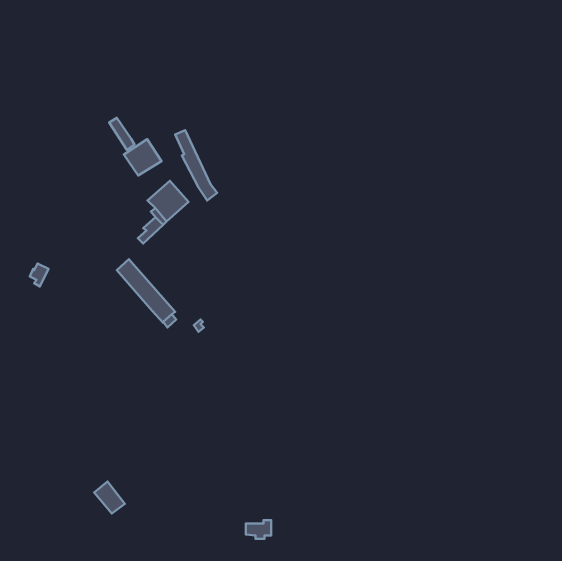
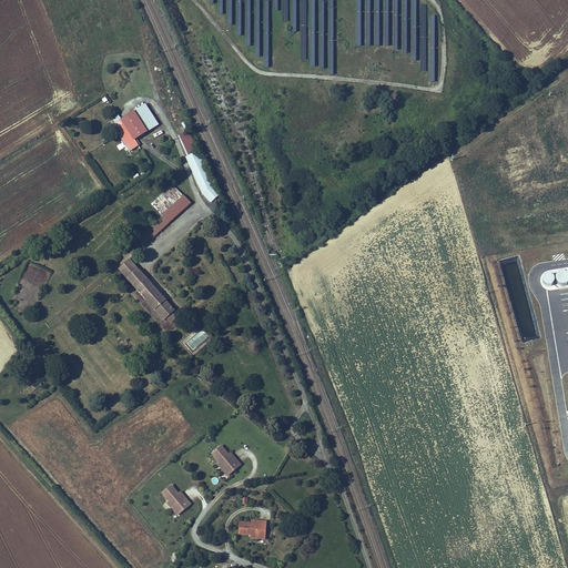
building: [124,139,161,176] -> [119,103,156,140]
building: none -> [212,442,244,475]
building: [94,482,125,514] -> [161,480,192,513]

